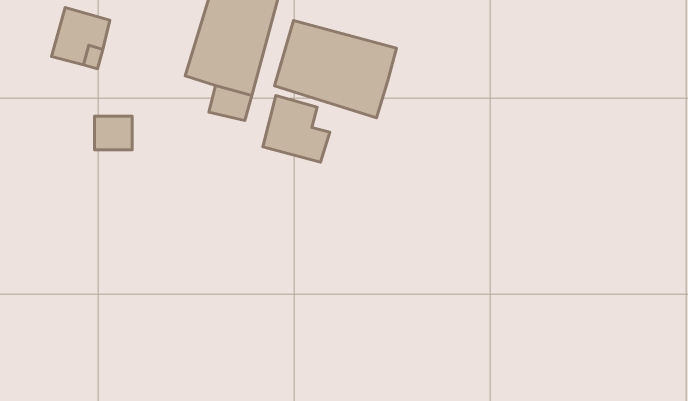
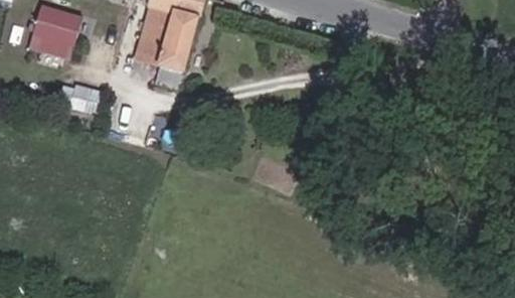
building: [275,21,396,118] -> none
building: [263,96,330,162] -> none

